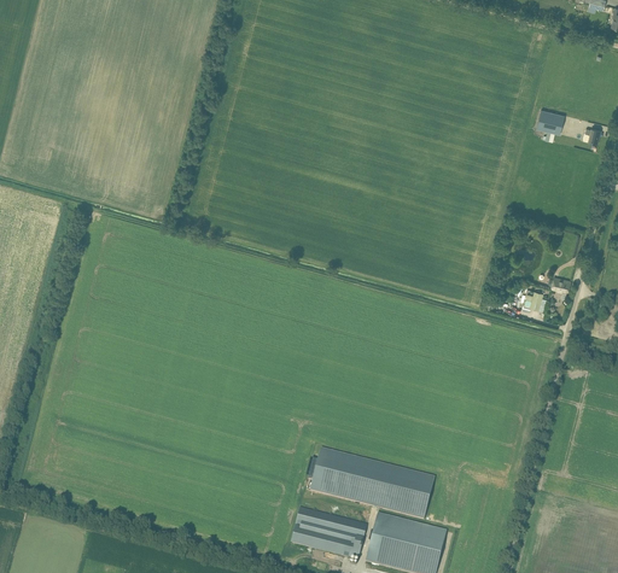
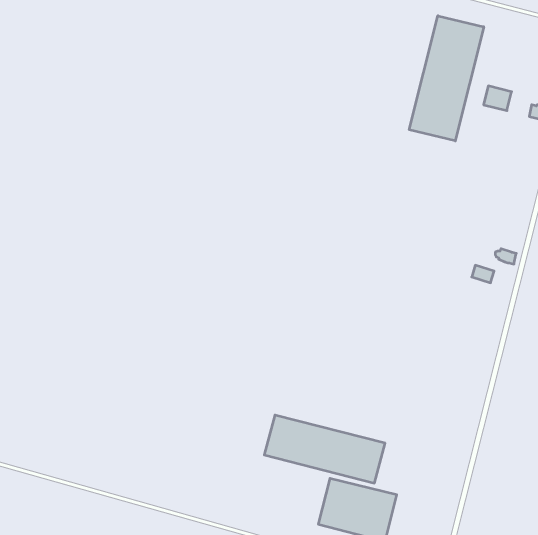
building: none -> [409,16,484,141]
building: [290,504,366,557] -> none

